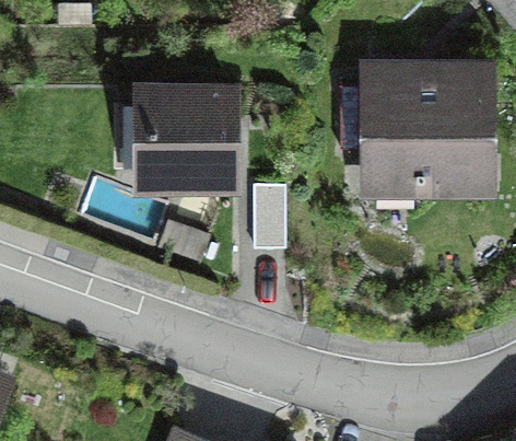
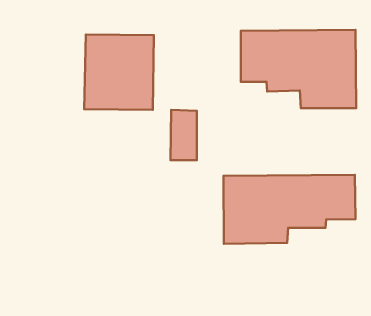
building: none -> [223,175,356,244]

